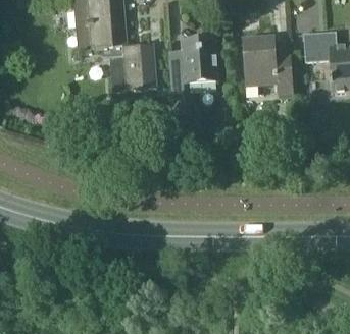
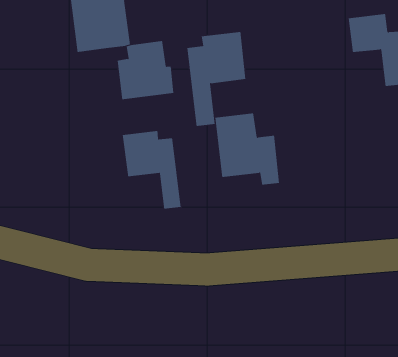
building: [242,35,293,95] -> [215,113,280,185]
building: none -> [122,130,181,210]

